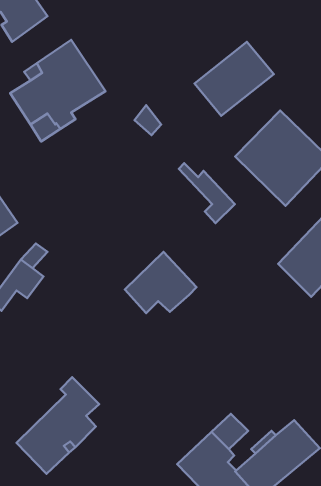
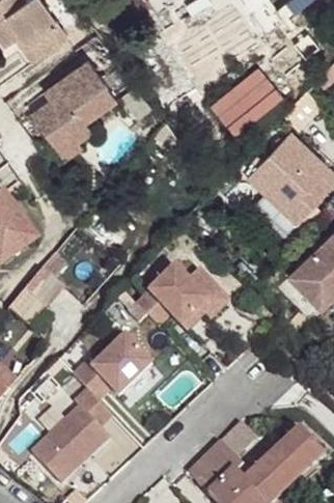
building: [179,163,235,223] -> [177,260,231,318]
building: none -> [76,334,155,398]

